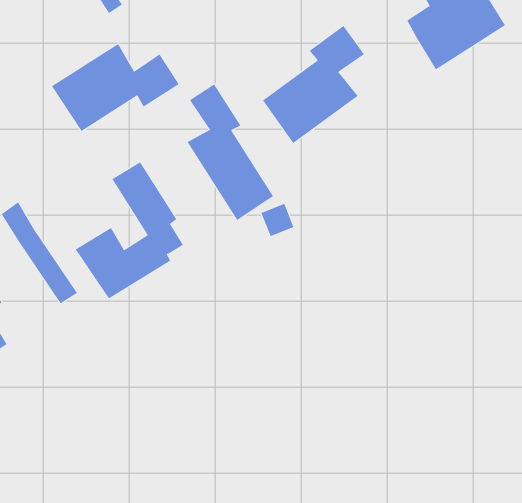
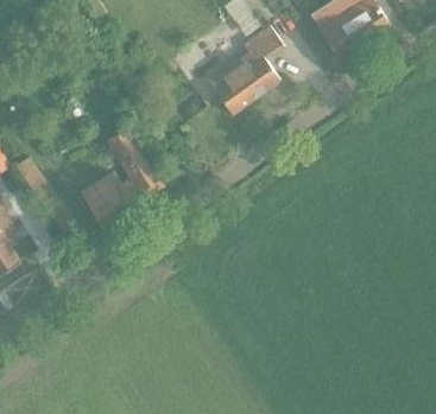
building: [51,43,180,132] -> none
building: [187,84,274,221] -> none

